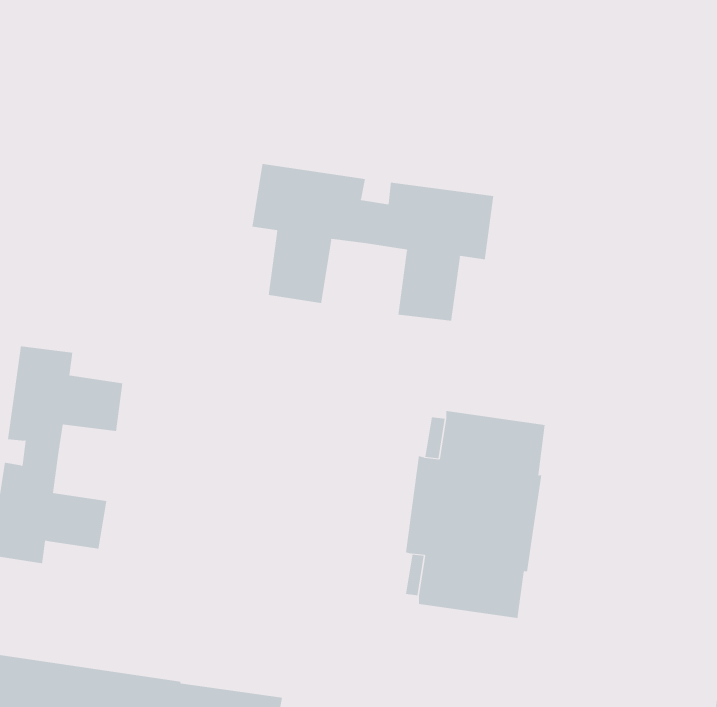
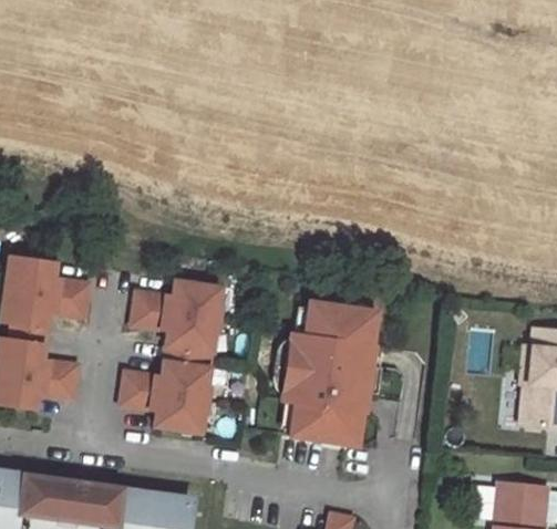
building: [252,163,494,321] -> none
building: none -> [121,282,223,433]

